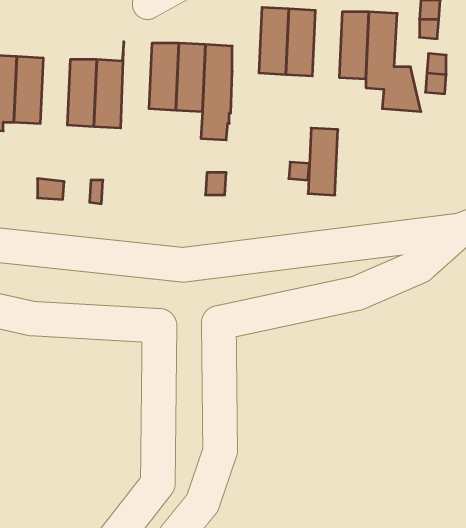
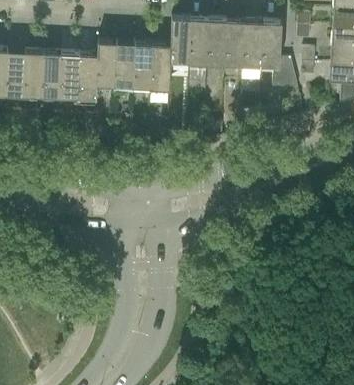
building: none -> [170,16,190,61]
building: none -> [95,40,116,98]
building: none -> [41,51,61,96]
building: [308,128,338,195] -> [224,19,244,64]

